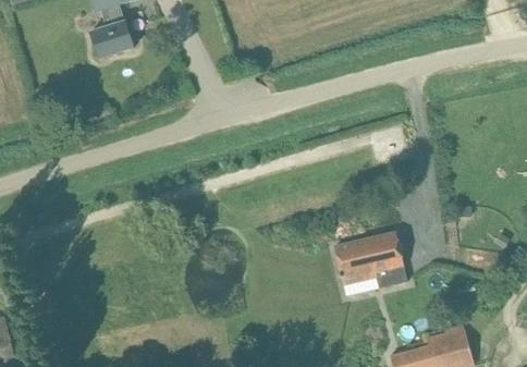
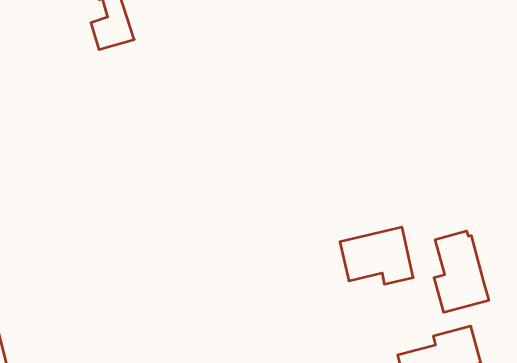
building: none -> [434,231,489,312]

